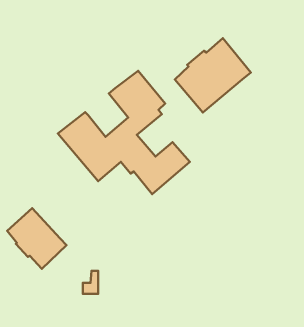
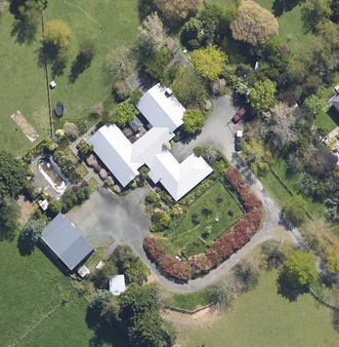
building: [175,38,251,113] -> none

